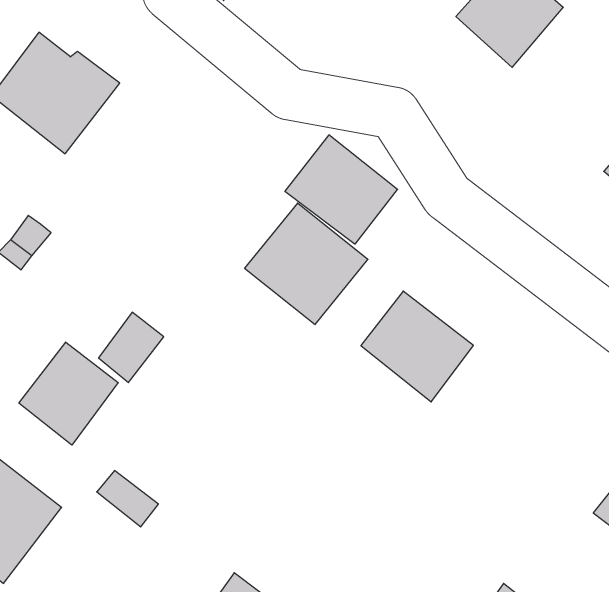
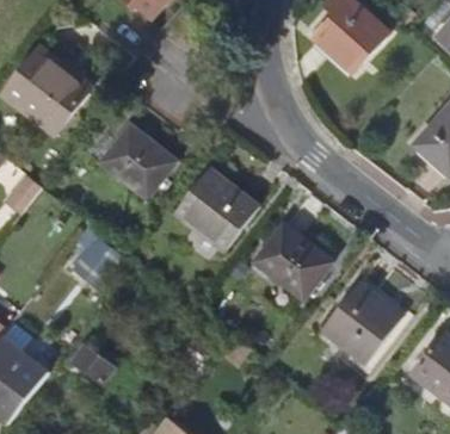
building: [285,135,398,244] -> [98,124,174,198]
building: [19,342,118,445] -> none
building: none -> [321,283,400,361]

